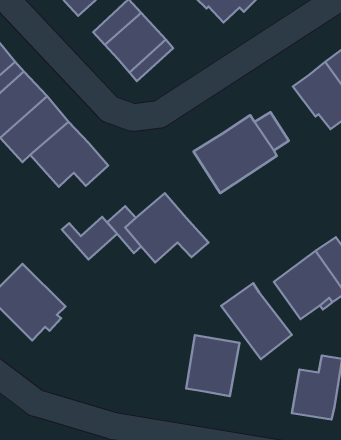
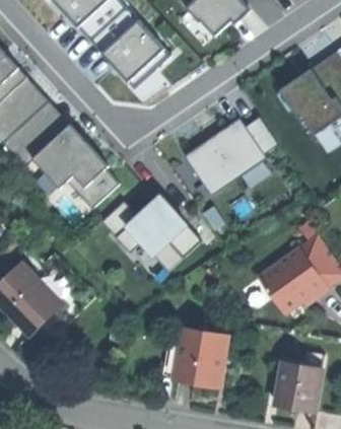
building: [62,217,117,260] -> [64,168,117,209]
building: [221,283,292,359] -> none

